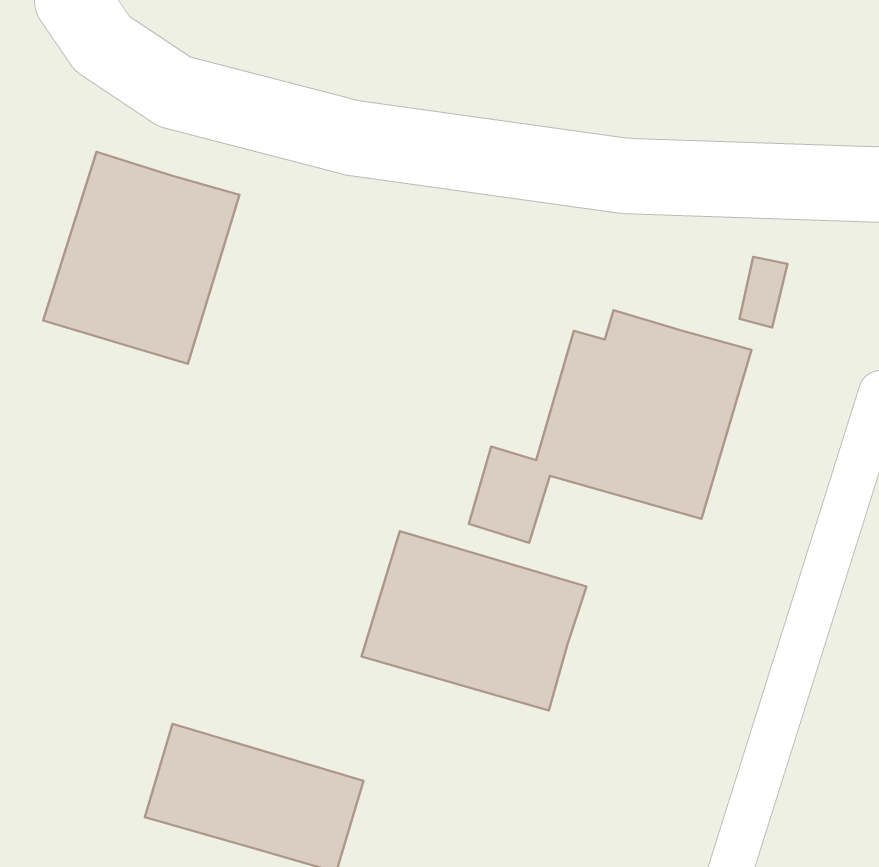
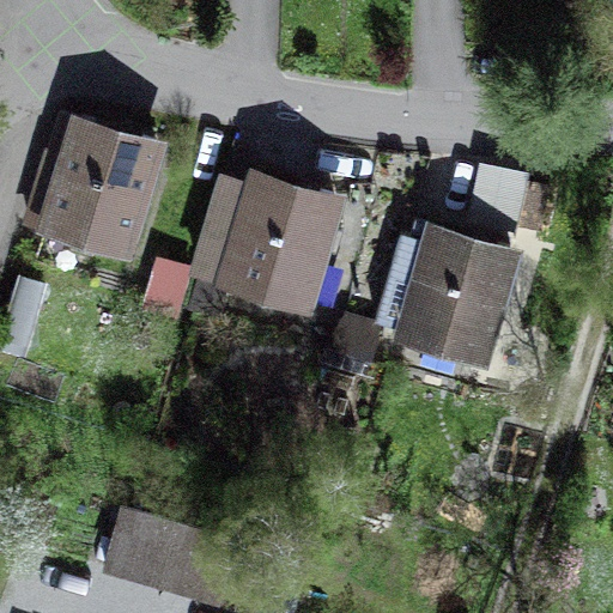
building: none -> [140,169,345,329]
building: [361,531,586,711] -> none

